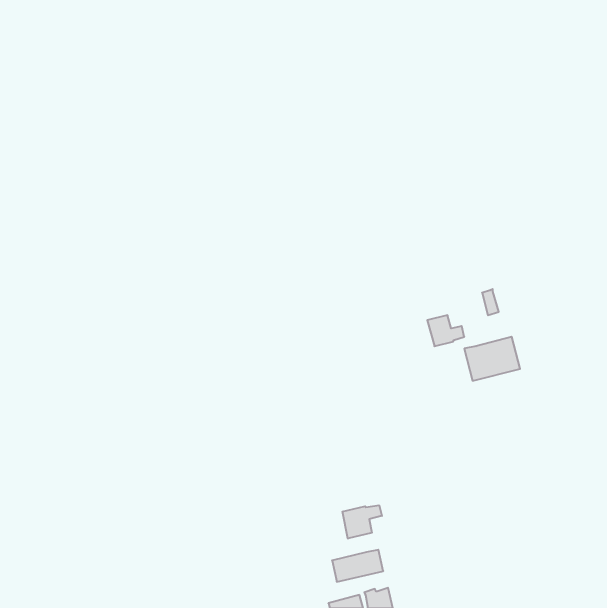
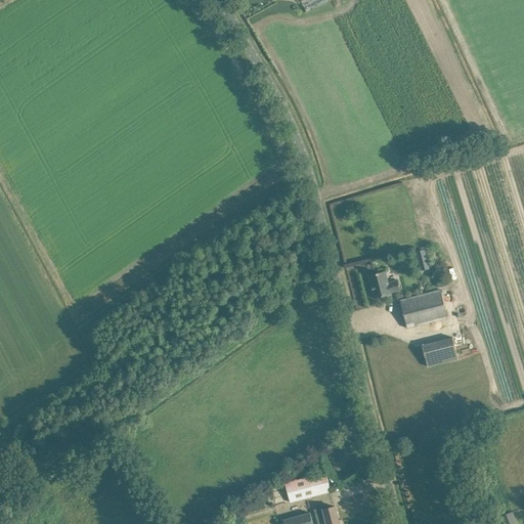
building: none -> [422,337,457,366]
building: [342,505,382,539] -> none

